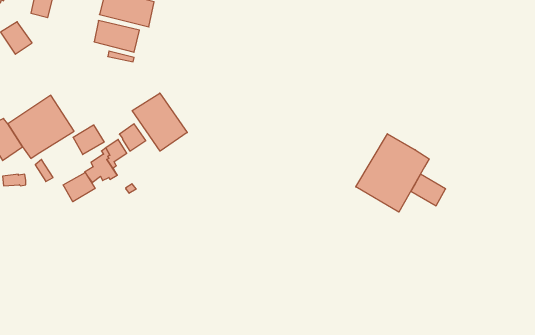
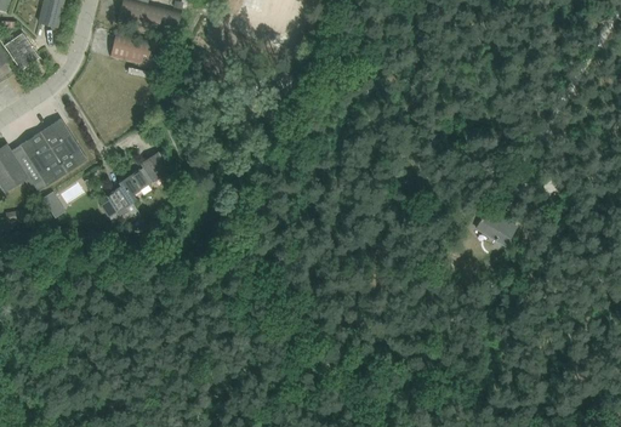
building: [132,93,187,151] -> none
building: [73,125,104,155] -> none
building: [356,134,429,212] -> none
building: [63,173,95,202] -> none

